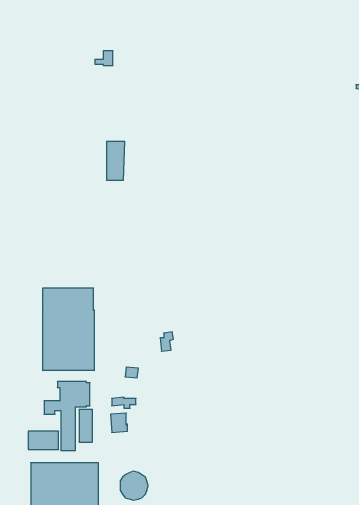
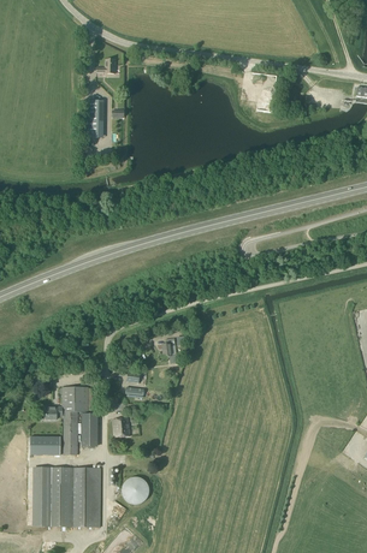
building: [107,141,125,180] -> [87,100,105,138]
building: [43,288,94,371] -> none

